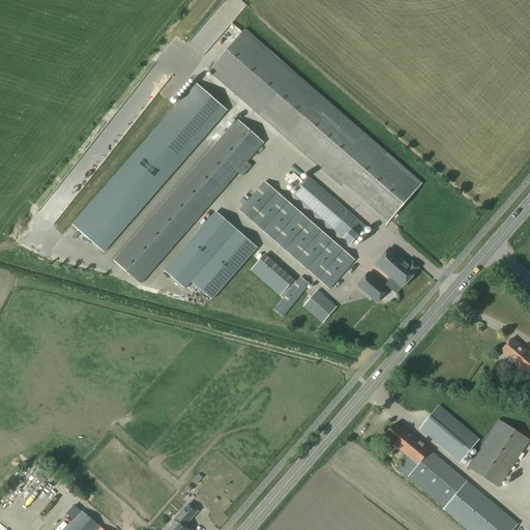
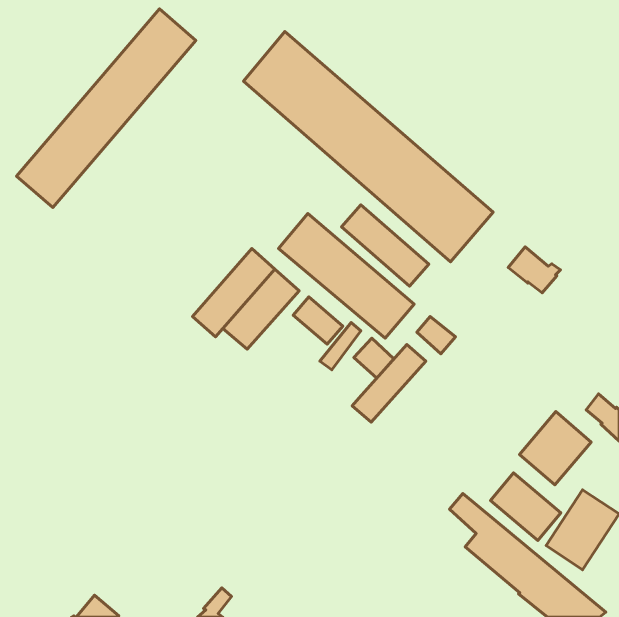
building: [73,83,227,253] -> [17,9,196,208]
building: [115,119,264,285] -> none
building: [375,246,419,286] -> [508,247,560,293]
building: none -> [352,345,426,422]
building: none -> [520,412,591,485]

